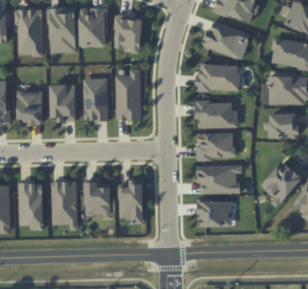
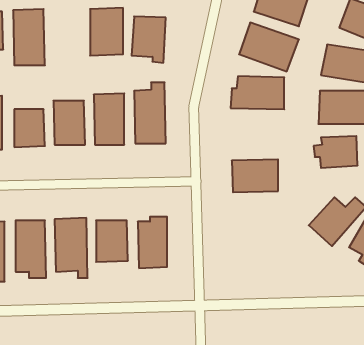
building: [48,8,75,53] -> none
building: [196,101,237,128] -> none
building: [197,165,242,194] -> none
building: [193,201,229,226] -> none

